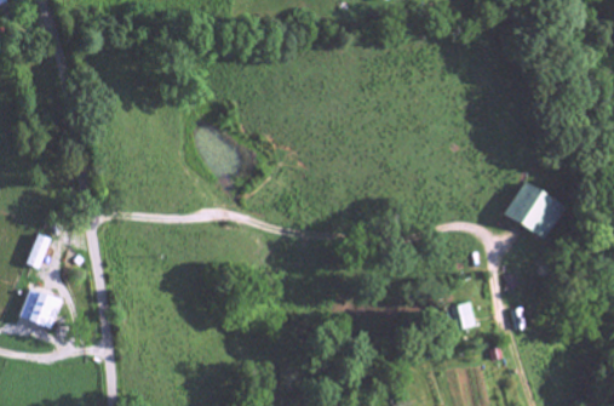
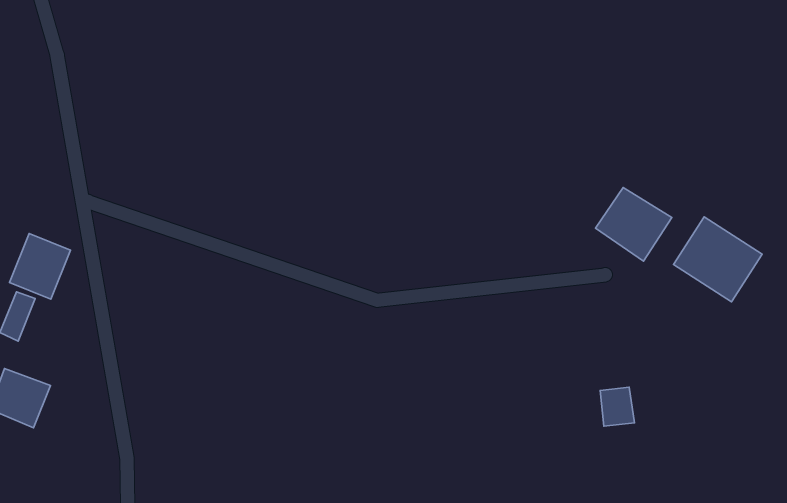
building: none -> [596,187,672,261]
building: none -> [9,233,70,299]

